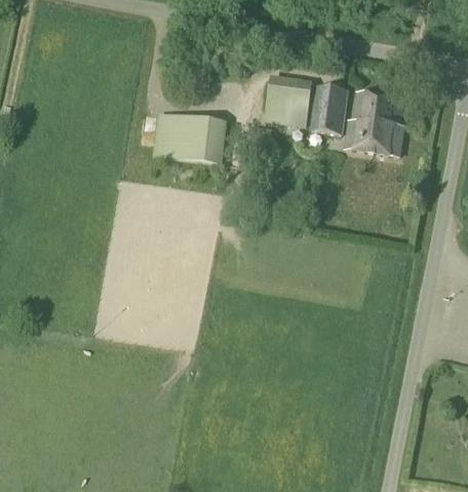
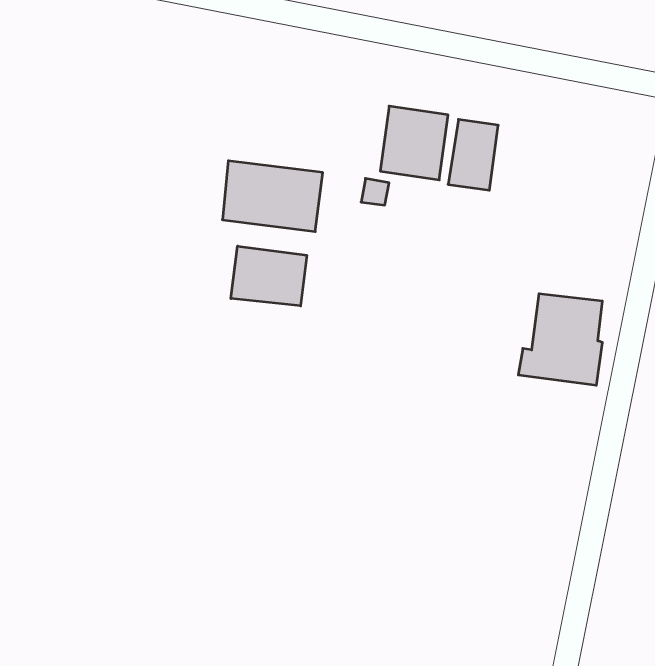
building: [345,90,403,154] -> [518,294,602,385]
building: none -> [231,246,307,306]

